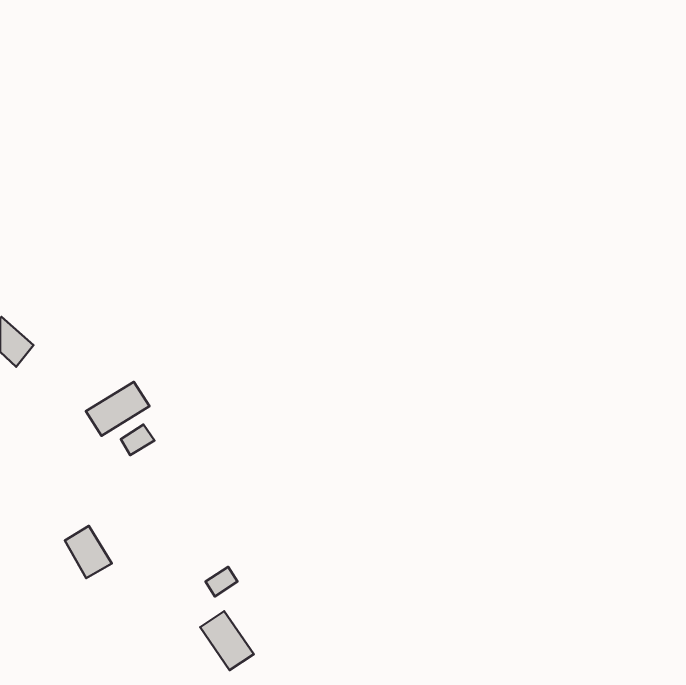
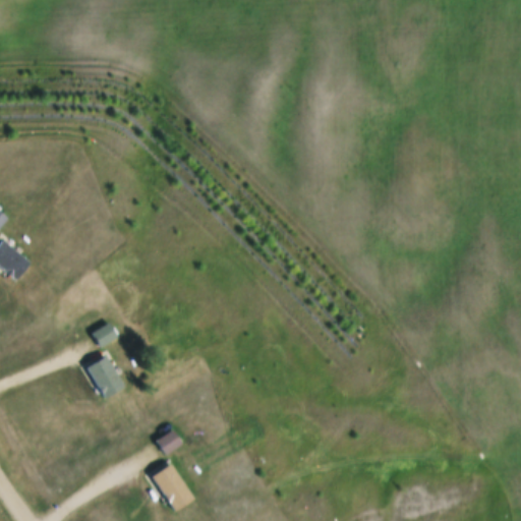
building: [86,382,149,436] -> none
building: [65,526,112,578] -> [88,357,123,397]

